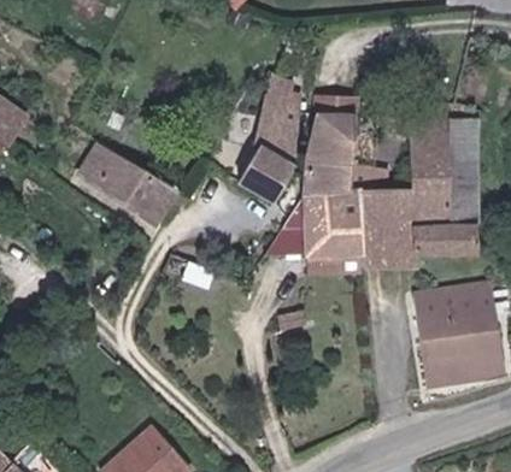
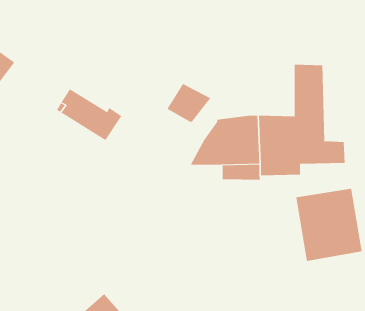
building: [257,71,303,163] -> none
building: [303,112,353,191] -> none
building: [447,118,477,222] -> none

